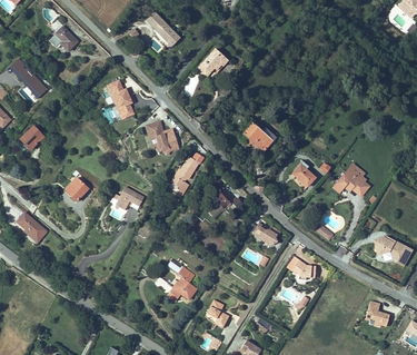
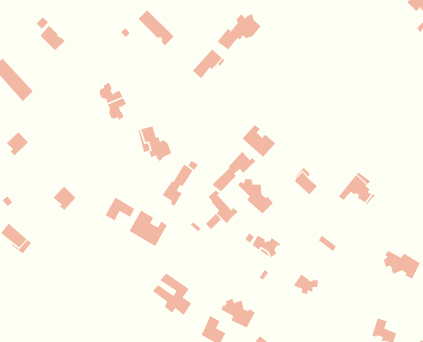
building: none -> [216,13,261,51]
building: none -> [212,151,257,192]
building: none -> [237,178,274,214]
building: none -> [129,209,168,247]
building: none -> [220,298,256,328]

